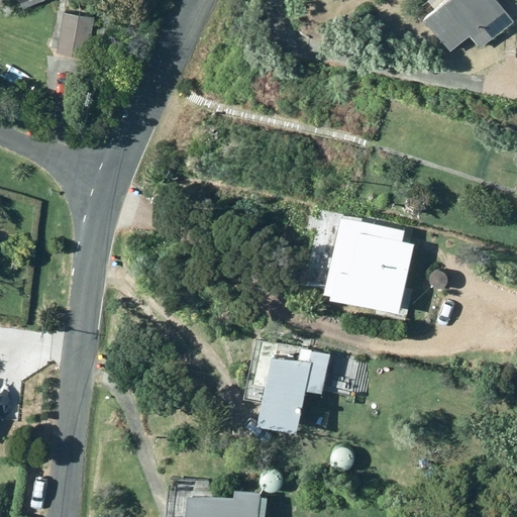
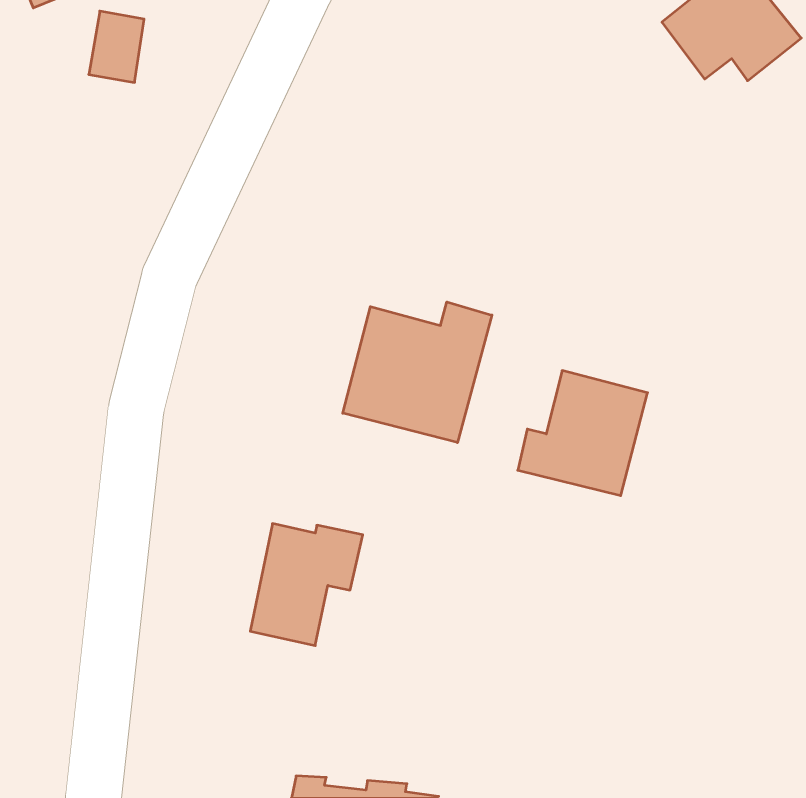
building: none -> [343,302,492,443]
building: [256,354,328,432] -> [250,524,363,646]

